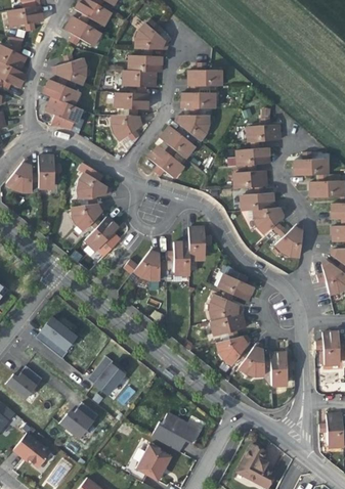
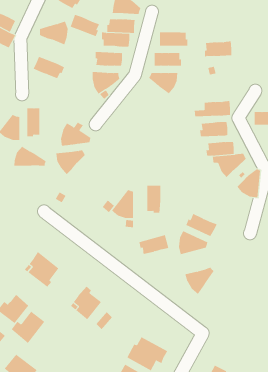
building: [44,80,78,105] -> [70,14,100,37]
building: [248,124,279,142] -> [204,41,232,57]
building: [161,126,193,158] -> none
building: [144,143,180,174] -> none
building: none -> [14,146,46,166]
building: [85,217,118,249] -> none
building: [190,227,206,260] -> none
building: [211,313,246,336] -> [138,235,169,254]
building: [240,343,265,376] -> none
building: [270,353,288,386] -> none
building: [59,402,98,439] -> [11,311,45,344]

